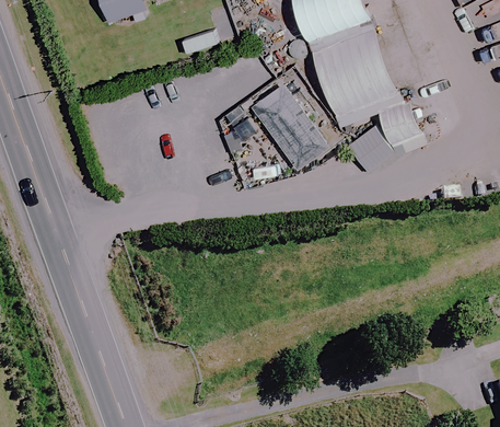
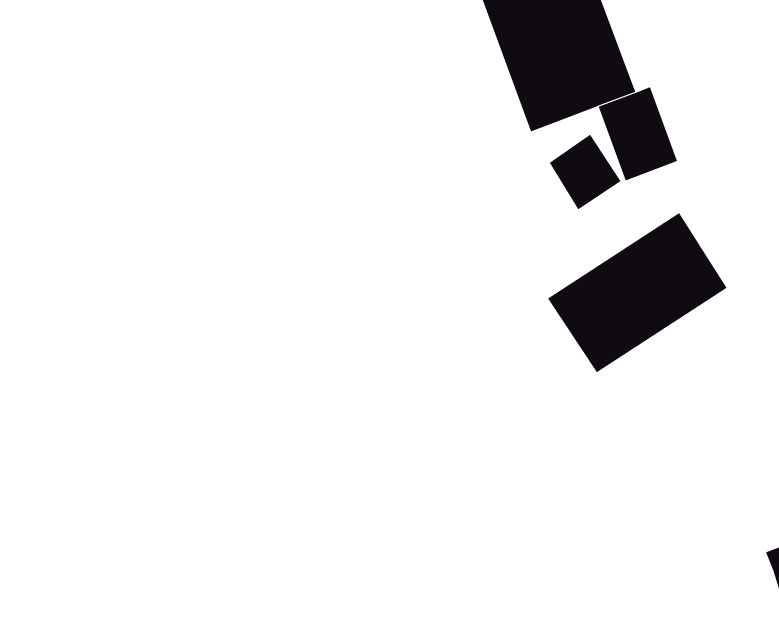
building: [252,84,327,168] -> none
building: none -> [547,212,727,373]

